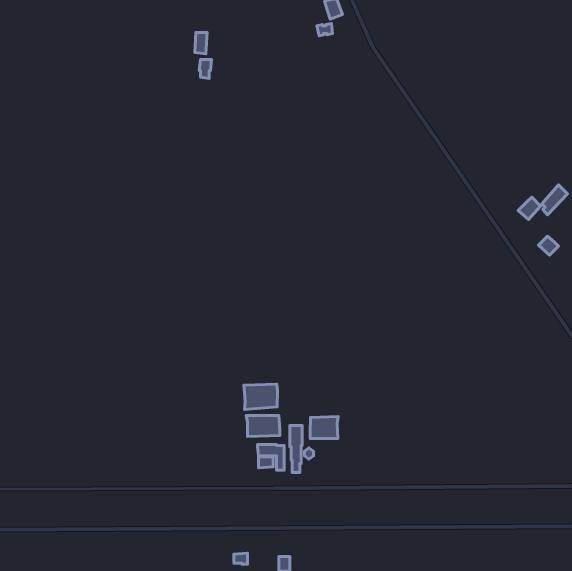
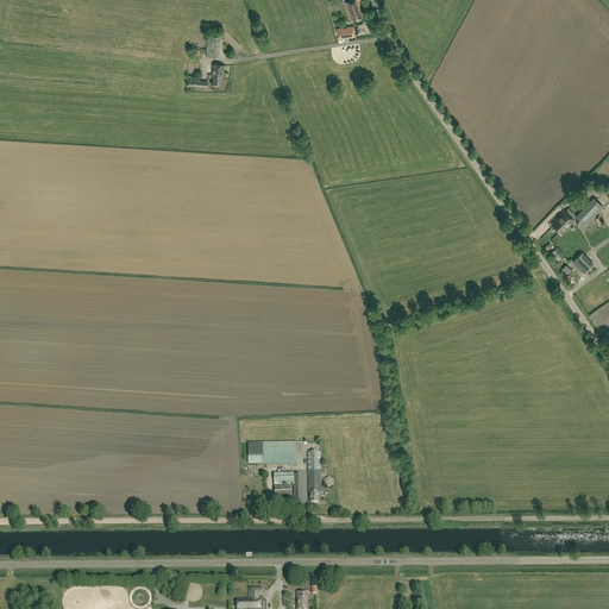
building: [244,384,277,409] -> none
building: [310,416,338,438] -> none

